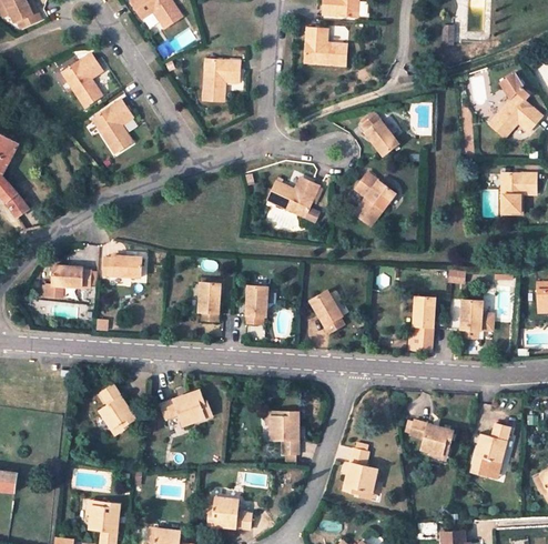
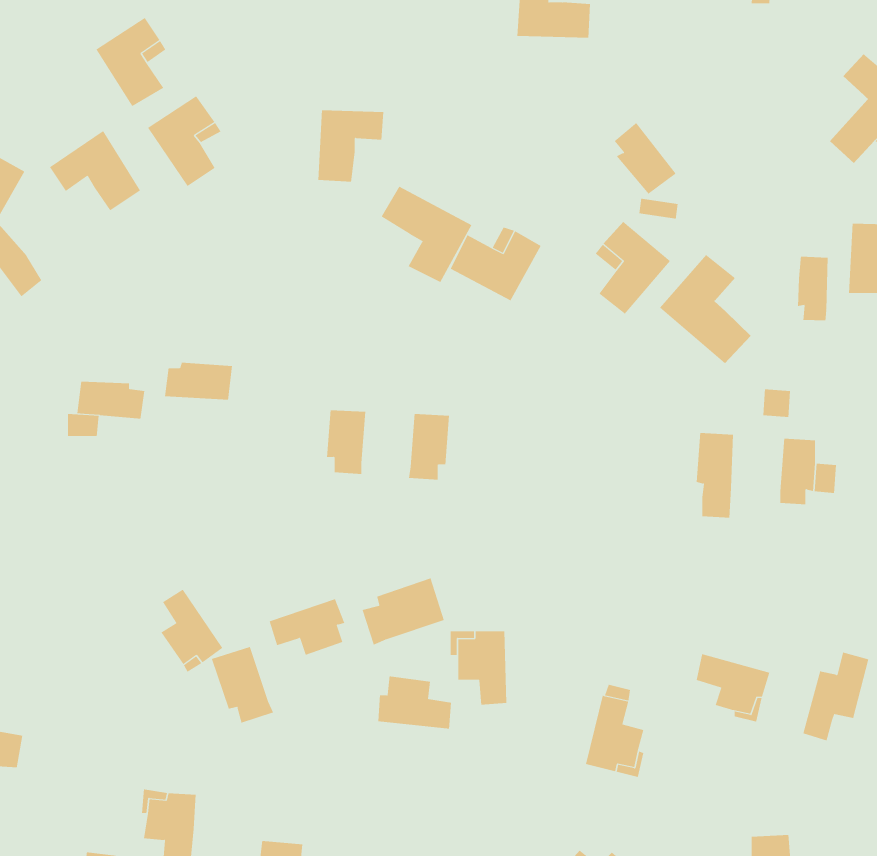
building: [202,58,241,100] -> [317,110,384,182]
building: none -> [49,130,141,211]
building: none -> [381,186,472,283]
building: none -> [659,254,751,364]
building: none -> [797,256,828,321]
building: [308,289,342,332] -> none
building: none -> [362,578,444,646]
building: none -> [211,646,274,723]
building: [209,500,252,531] -> [377,676,452,729]

